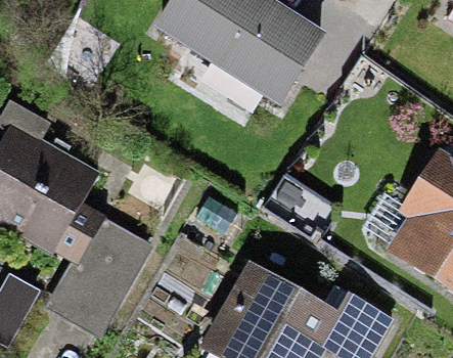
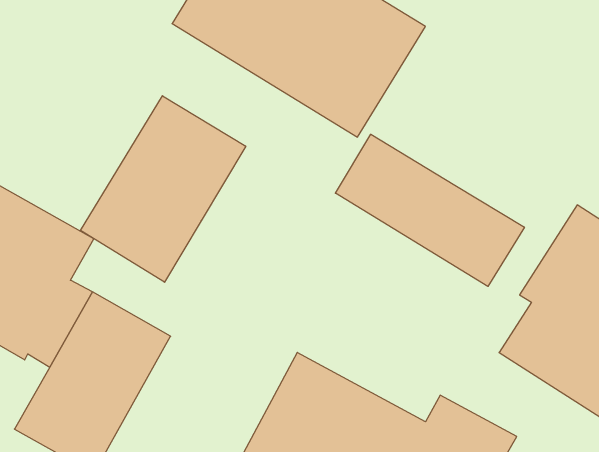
building: none -> [80,96,246,282]
building: none -> [335,134,524,286]

